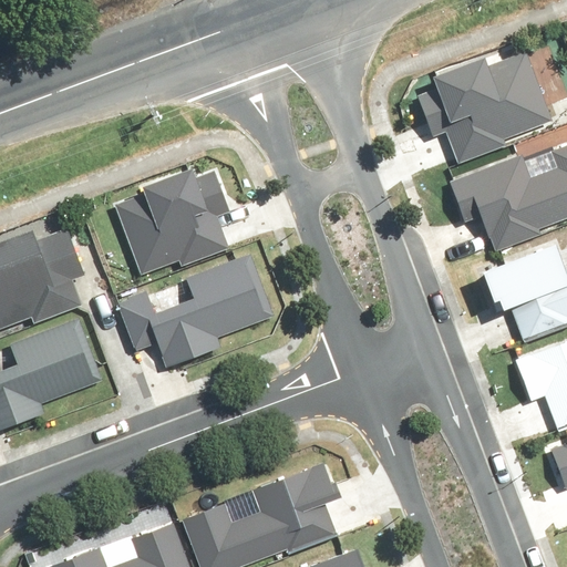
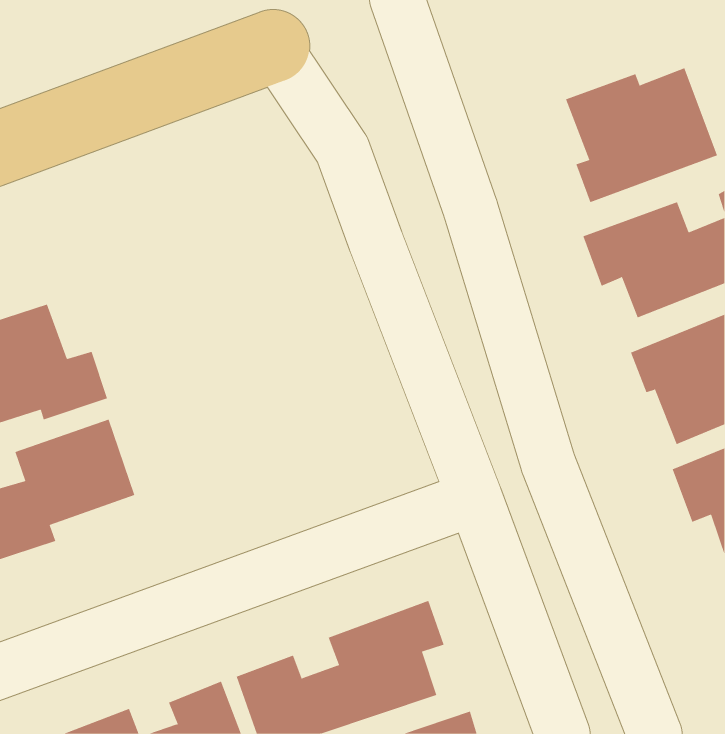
building: [113,169,229,277] -> none
building: [120,254,276,371] -> none

